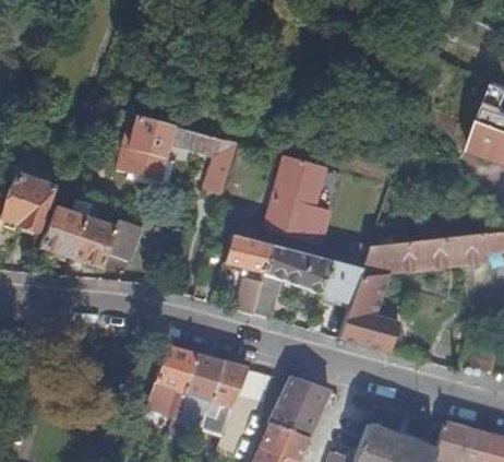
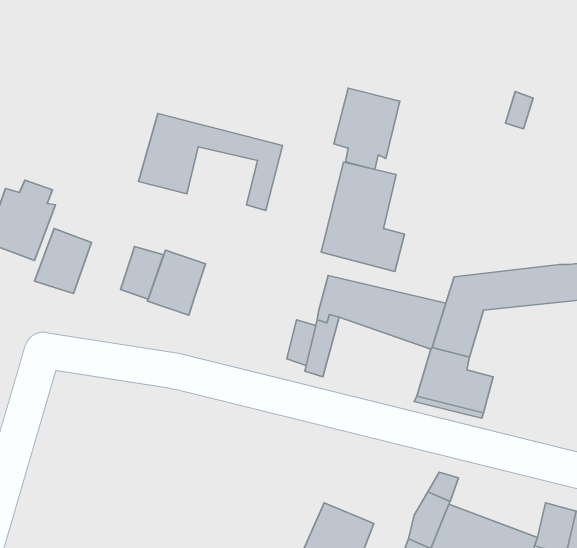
building: none -> [334,88,400,169]
building: [71,218,117,270] -> [147,250,206,315]
building: [225,235,272,273] -> none
building: [144,347,247,437] -> none
building: [268,376,328,440] -> none

